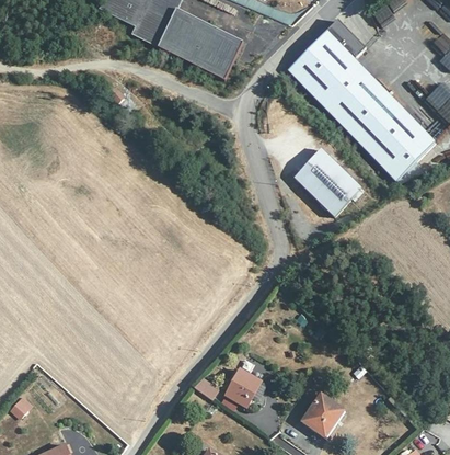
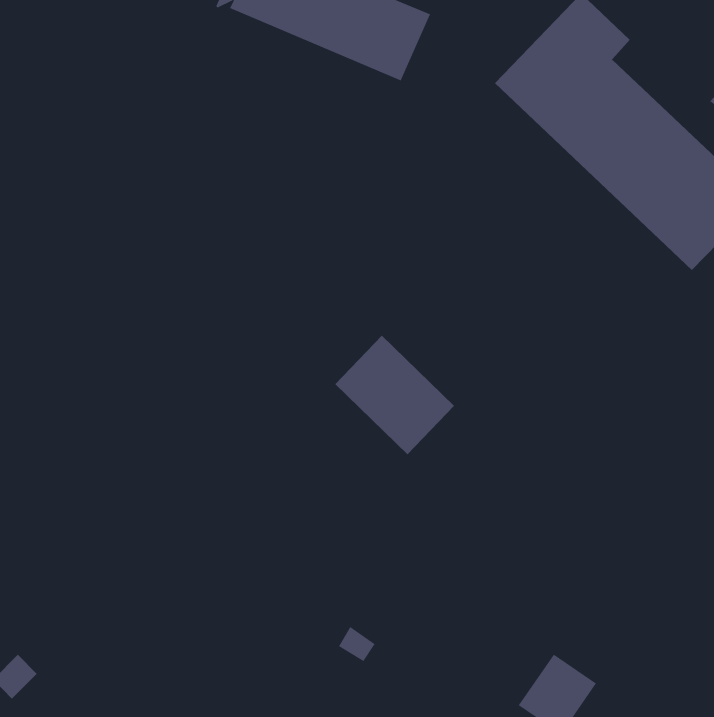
building: [291,152,358,219] -> [334,335,455,455]
building: [227,365,265,406] -> none

